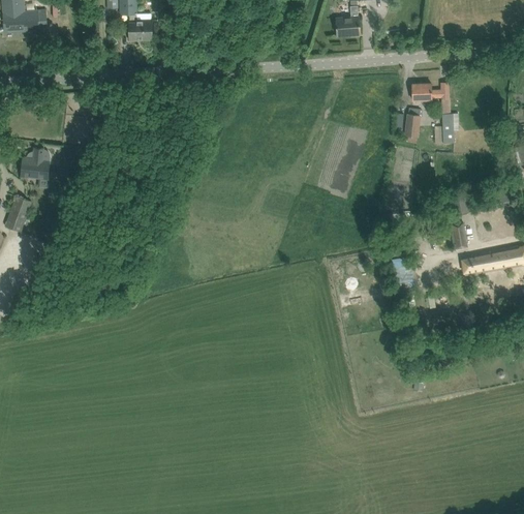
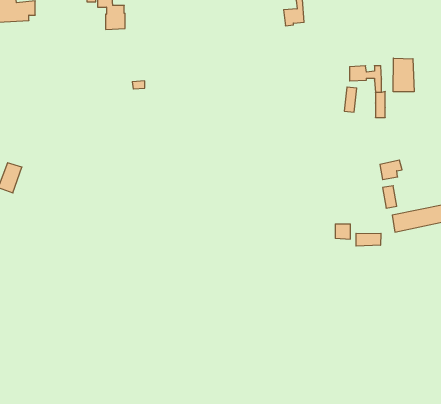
building: none -> [393,58,414,92]
building: [21,148,50,179] -> none
building: none -> [356,233,381,246]

